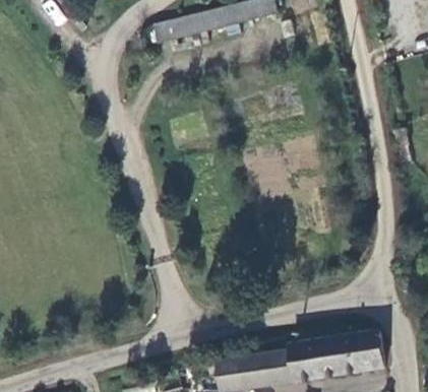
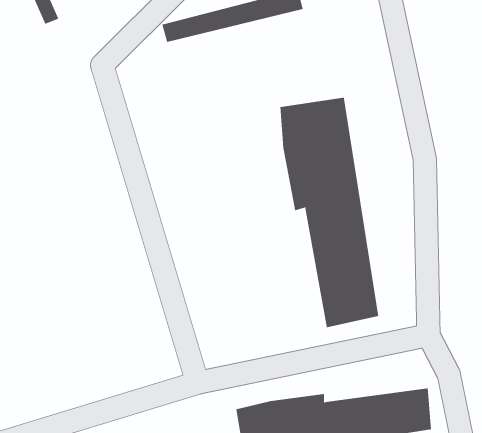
building: none -> [280,97,379,328]

